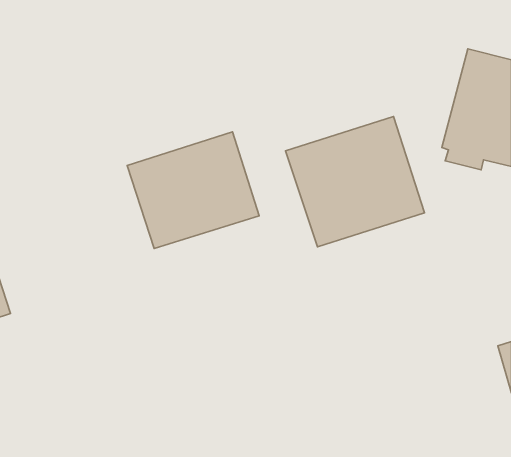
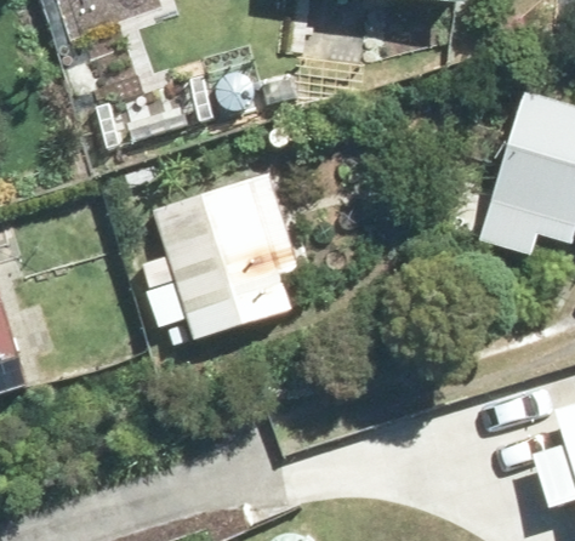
building: [286,116,424,247] -> none

